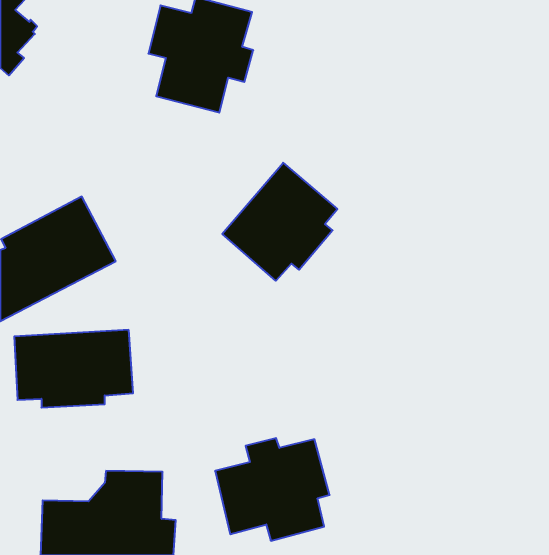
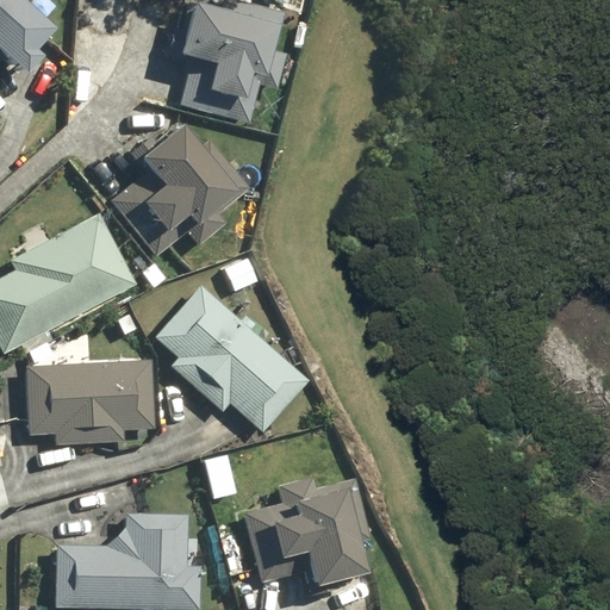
building: none -> [112,124,249,256]
building: [222,163,337,281] -> none
building: none -> [155,287,307,432]

